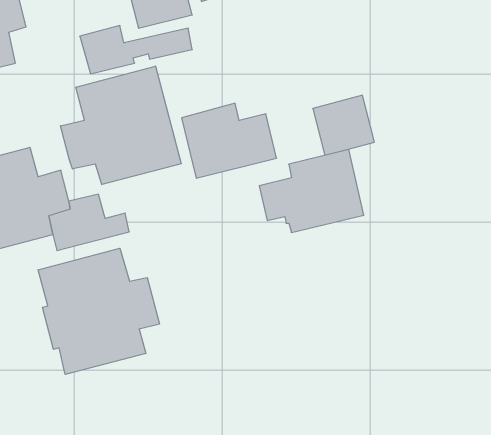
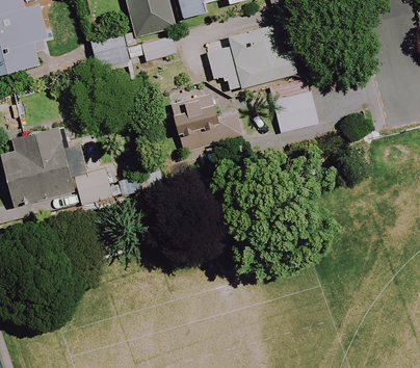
building: [60,66,181,185] -> none
building: [259,150,364,233] -> [207,23,288,87]
building: [38,248,159,374] -> none

